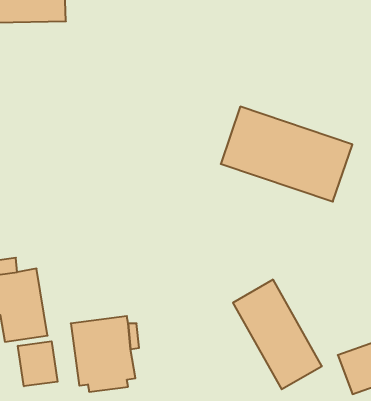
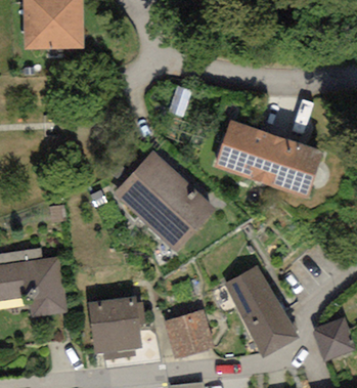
building: none -> [114,150,218,253]
building: none -> [164,309,215,359]
building: [18,341,58,386] -> none

